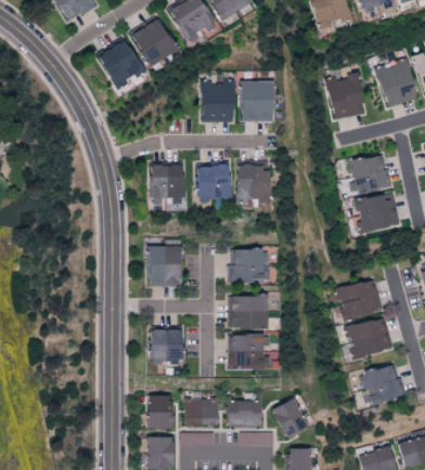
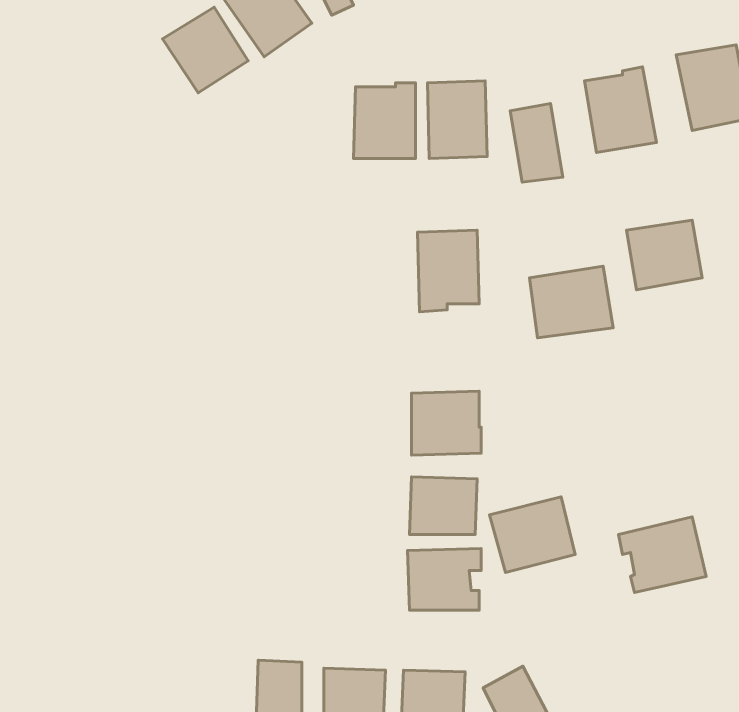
building: none -> [510,104,563,182]
building: [150,165,183,205] -> none
building: [197,166,229,199] -> none
building: [353,193,399,232] -> [530,266,613,338]
building: [147,246,180,286] -> none
building: [335,279,382,321] -> [489,497,575,573]
building: [150,329,182,364] -> none
building: [364,365,403,404] -> none

